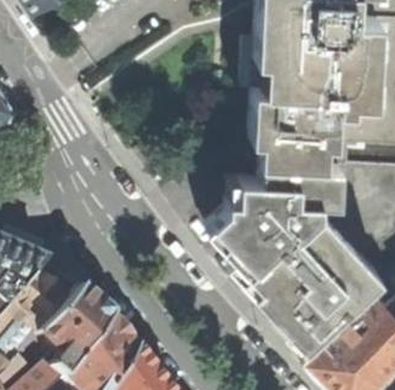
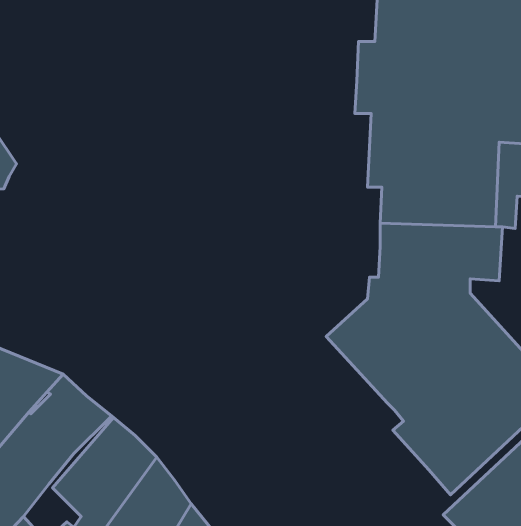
building: [204,171,263,281] -> none

